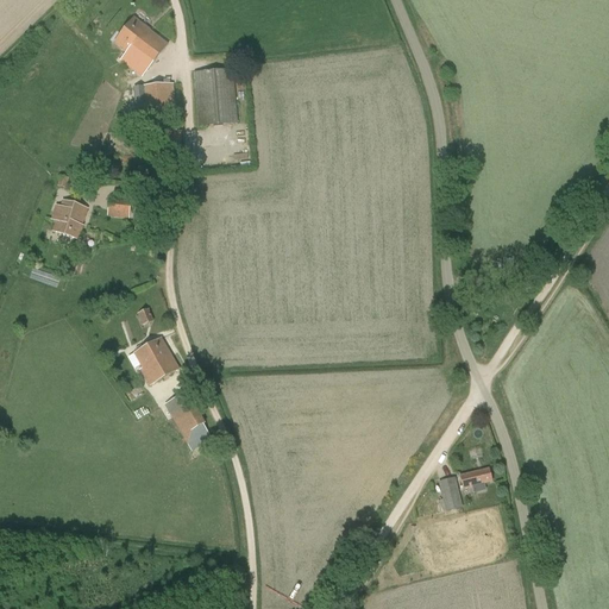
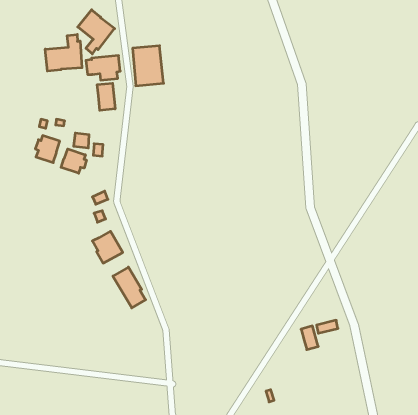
building: none -> [45,34,82,71]
building: none -> [97,83,115,110]
building: none -> [61,149,86,173]

